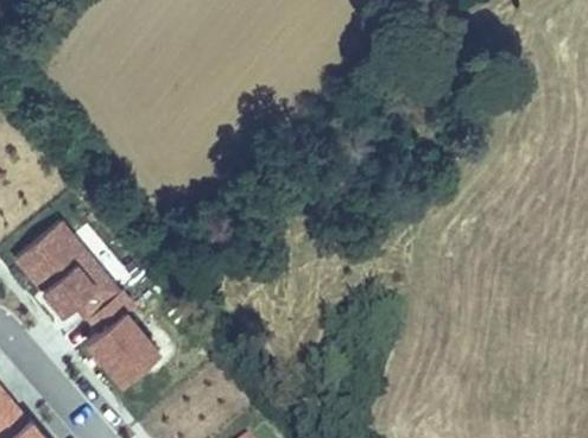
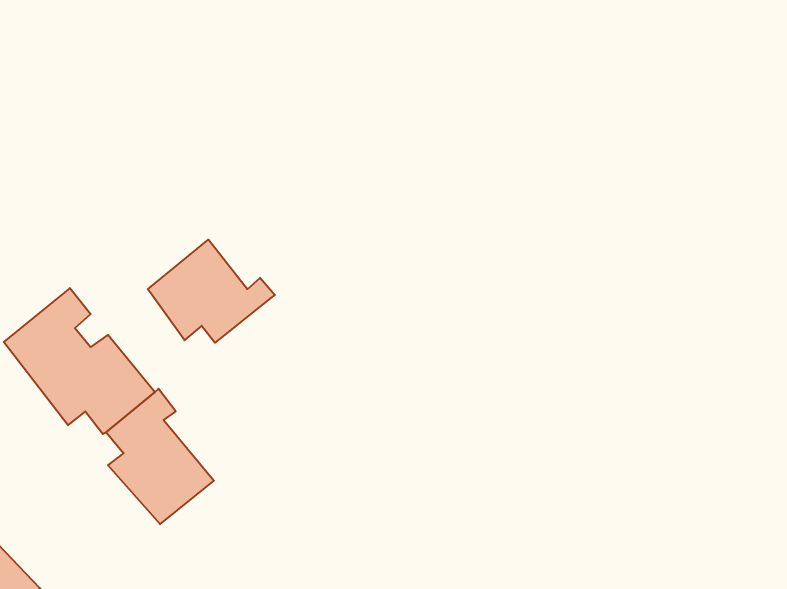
building: none -> [148,240,275,343]

